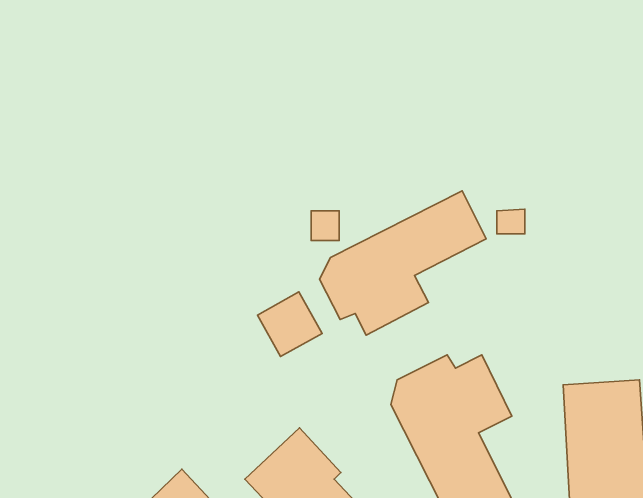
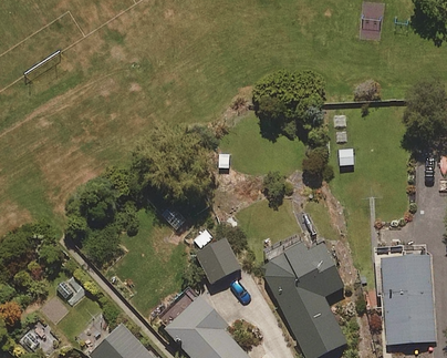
building: [319,191,486,335] -> none
building: [257,292,322,357] -> [193,238,236,282]

